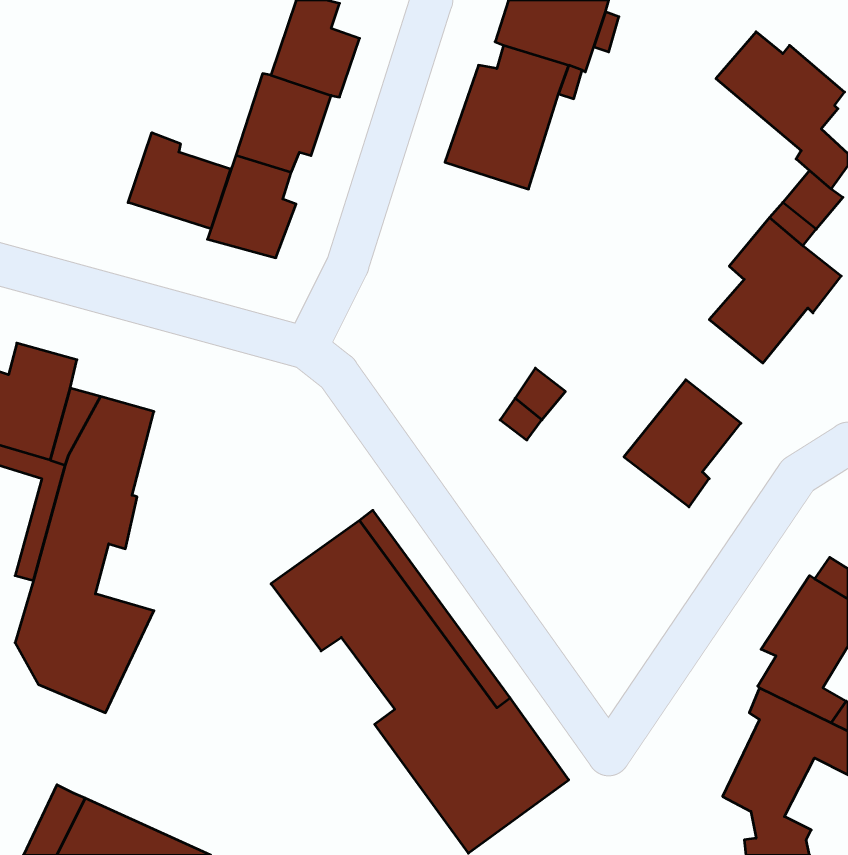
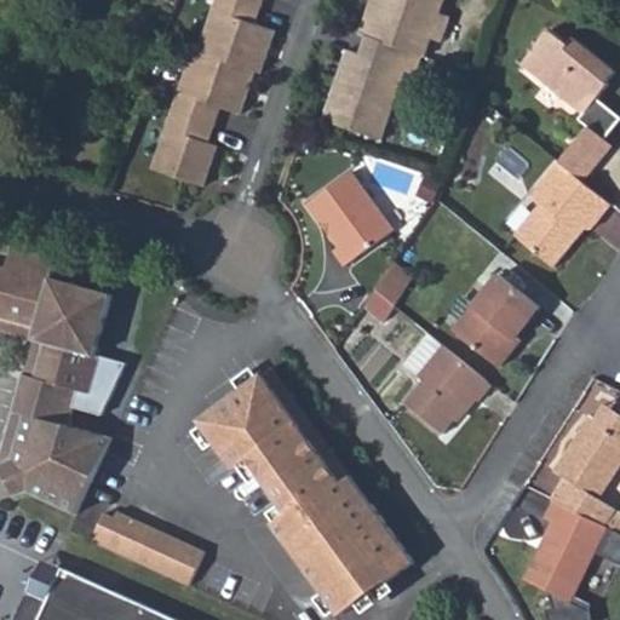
building: [128,133,231,229] -> none
building: none -> [306,170,392,264]
building: none -> [403,333,492,432]
building: none -> [91,513,205,587]

